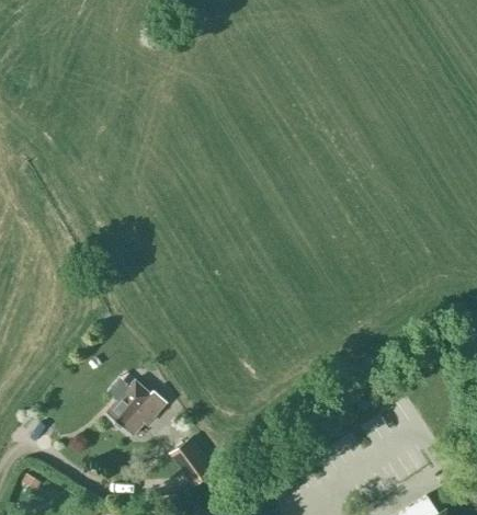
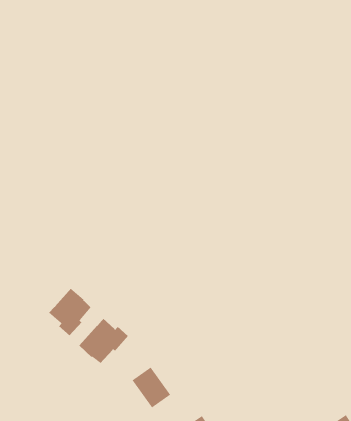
building: none -> [48,288,92,336]

